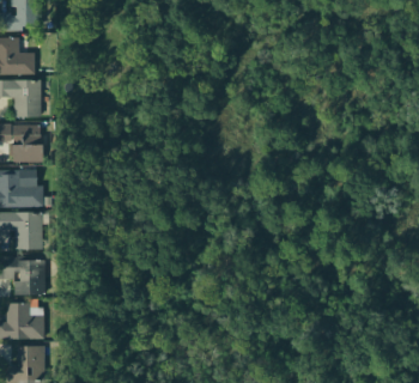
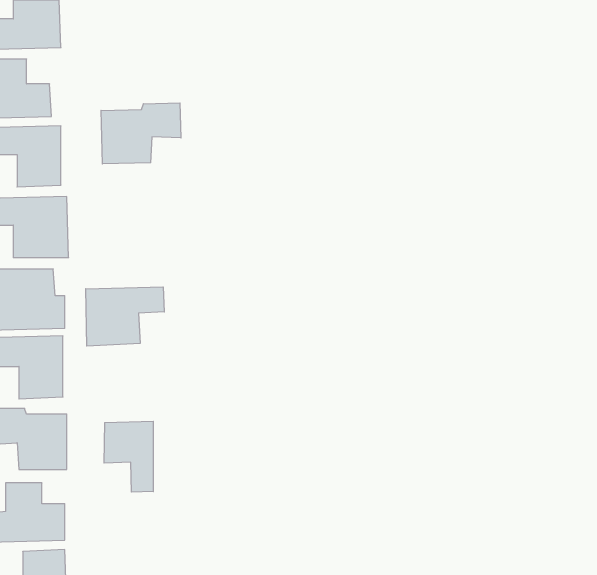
building: none -> [101,103,181,164]
building: none -> [86,287,164,346]
building: none -> [104,421,153,492]

